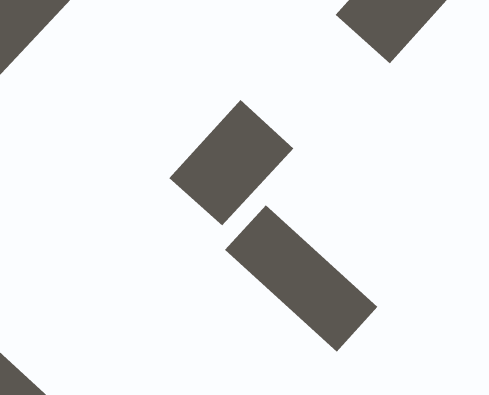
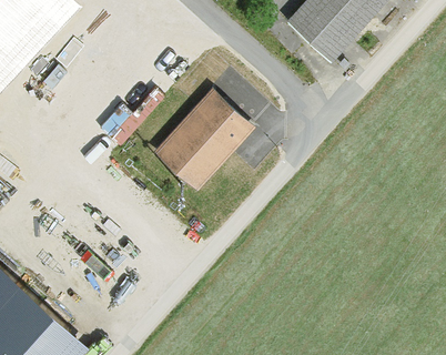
building: [224,204,378,352] -> none

